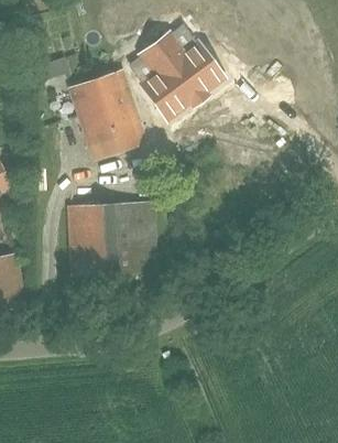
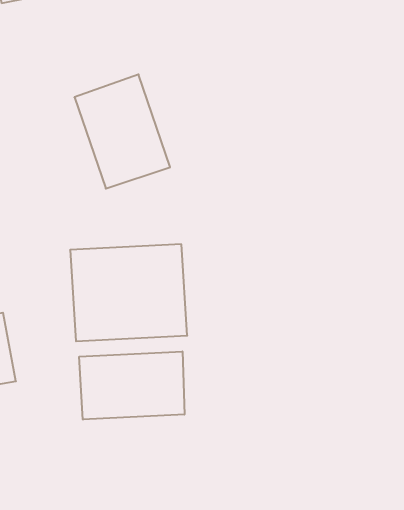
building: [140,32,223,119] -> none
building: none -> [79,351,184,420]

